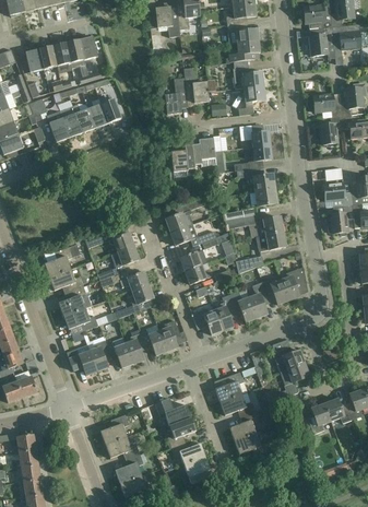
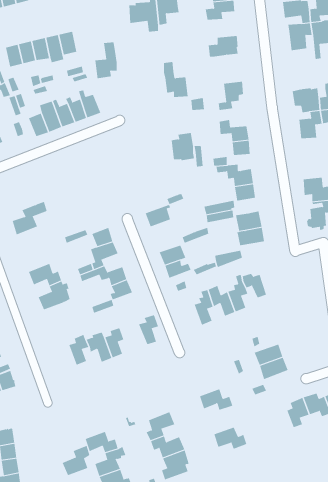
building: [227,23,261,43] -> none
building: [233,59,263,87] -> none
building: [164,76,187,114] -> [94,42,117,79]
building: [170,144,194,174] -> none
building: [170,224,215,245] -> none
building: [44,243,80,276] -> [12,201,48,235]
building: [281,266,305,299] -> none
building: [63,307,97,330] -> none
building: [191,307,222,333] -> none
building: [140,323,167,354] -> none
building: [66,347,96,375] -> none
building: [214,370,244,401] -> none
building: [154,397,190,425] -> none
building: [228,411,257,439] -> none
building: [99,413,128,444] -> [62,445,90,476]

